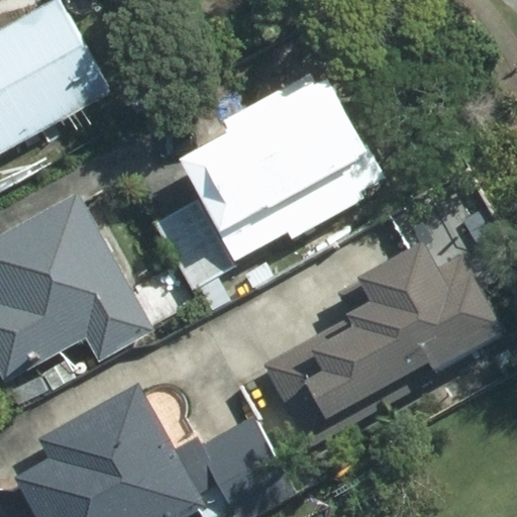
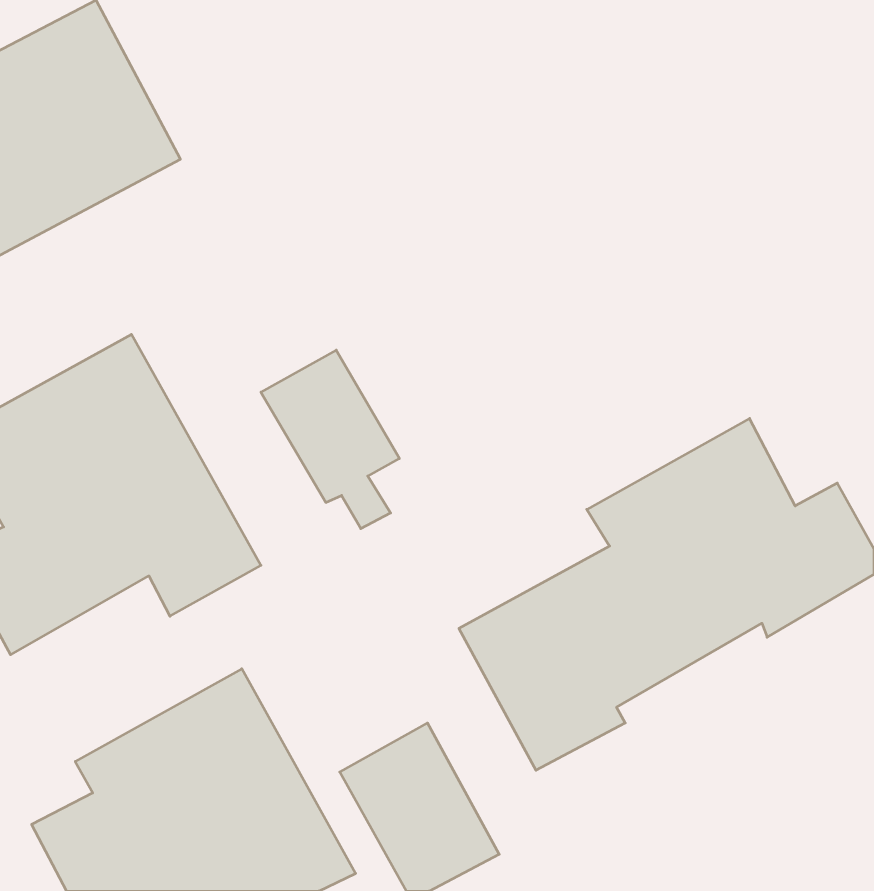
building: [186,85,384,258] -> none

